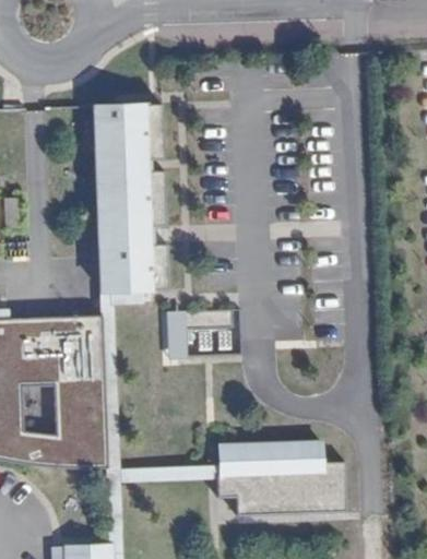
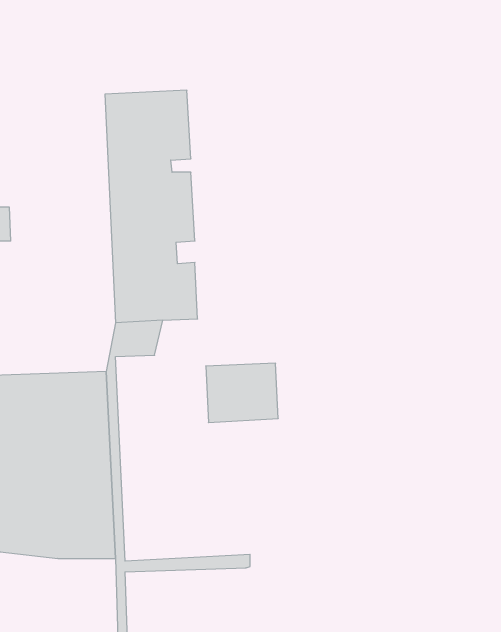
building: [207,440,337,514] -> none

